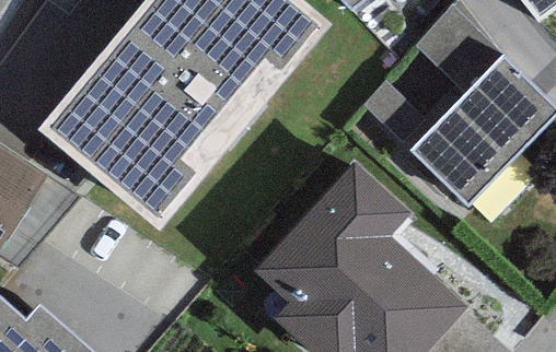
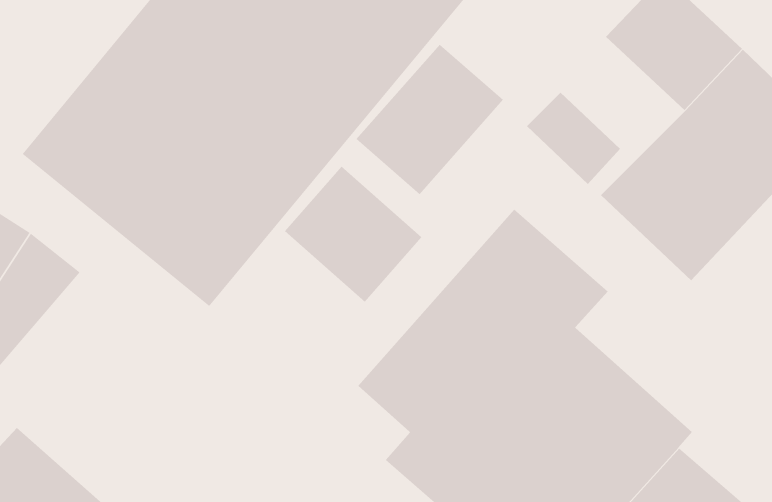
building: none -> [356,44,504,195]
building: none -> [284,166,422,303]

